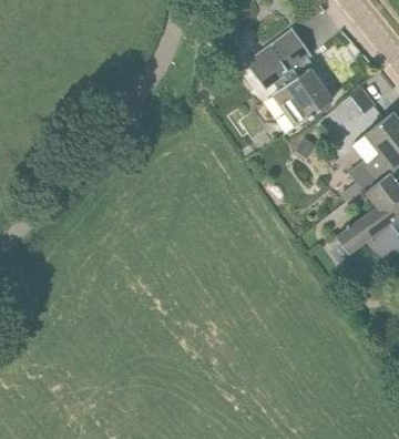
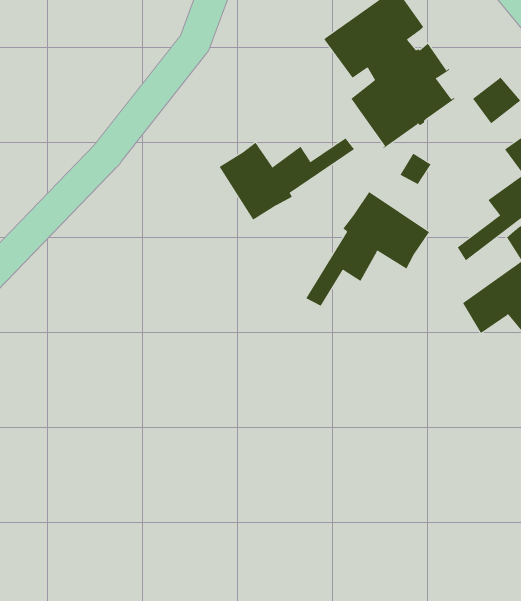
building: none -> [219,137,355,221]
building: none -> [306,191,430,307]

